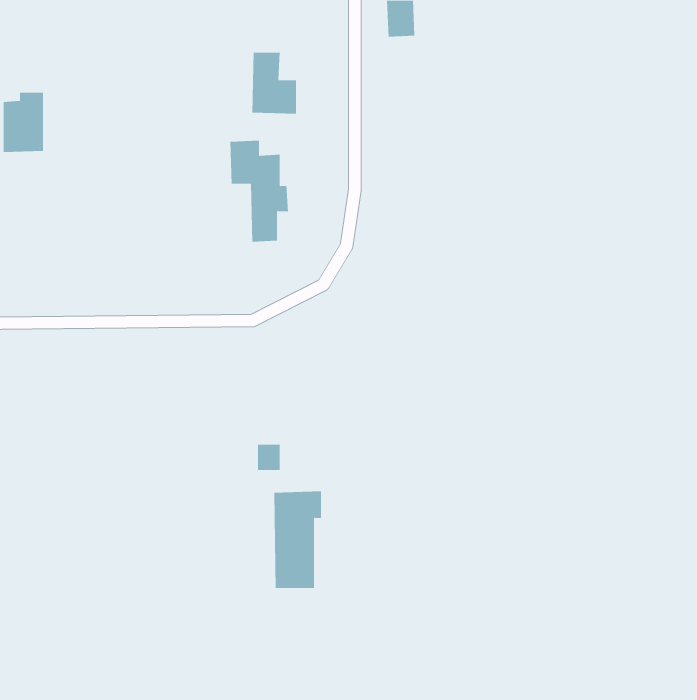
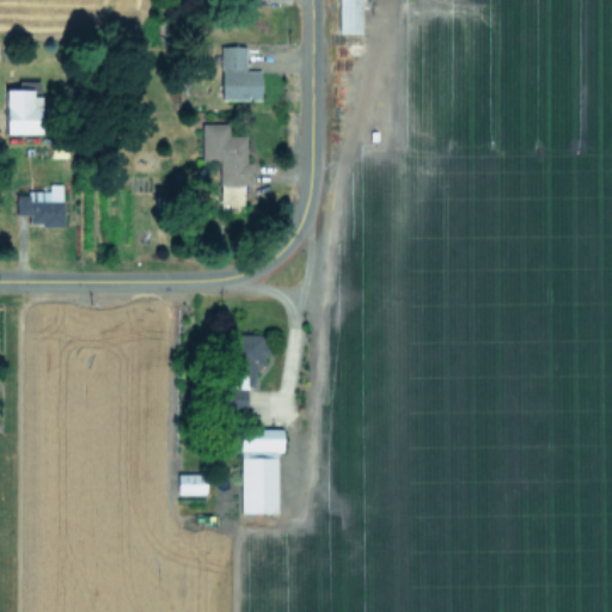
building: none -> [19,186,66,227]
building: none -> [238,335,270,386]
building: none -> [179,476,208,495]

